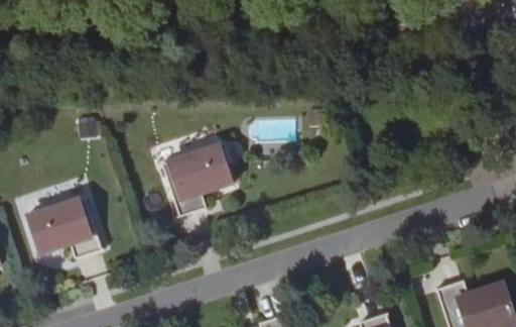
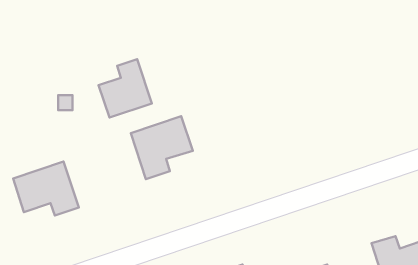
building: none -> [98,59,152,118]

